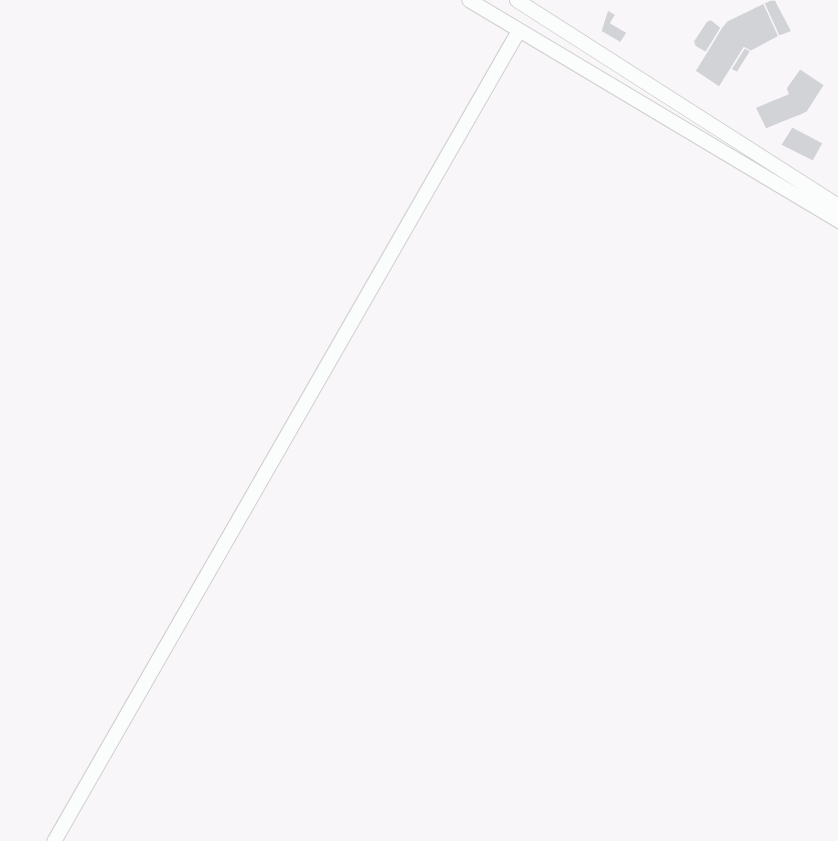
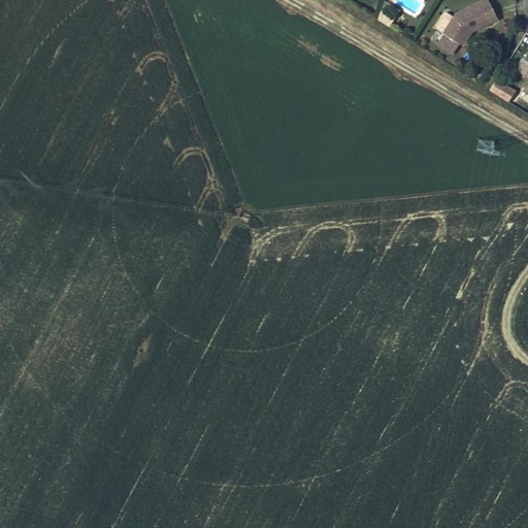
building: [755,69,825,129] -> none

